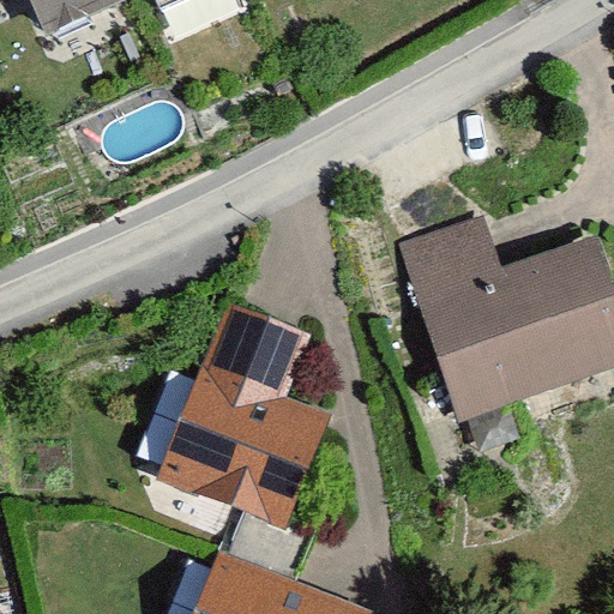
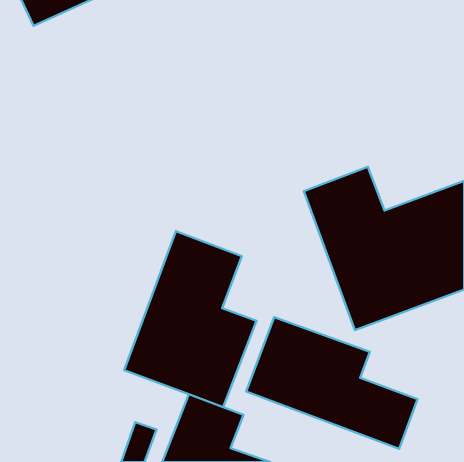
building: none -> [246,317,417,449]

